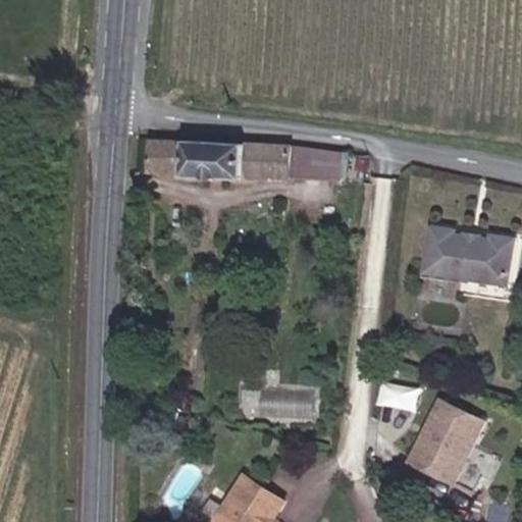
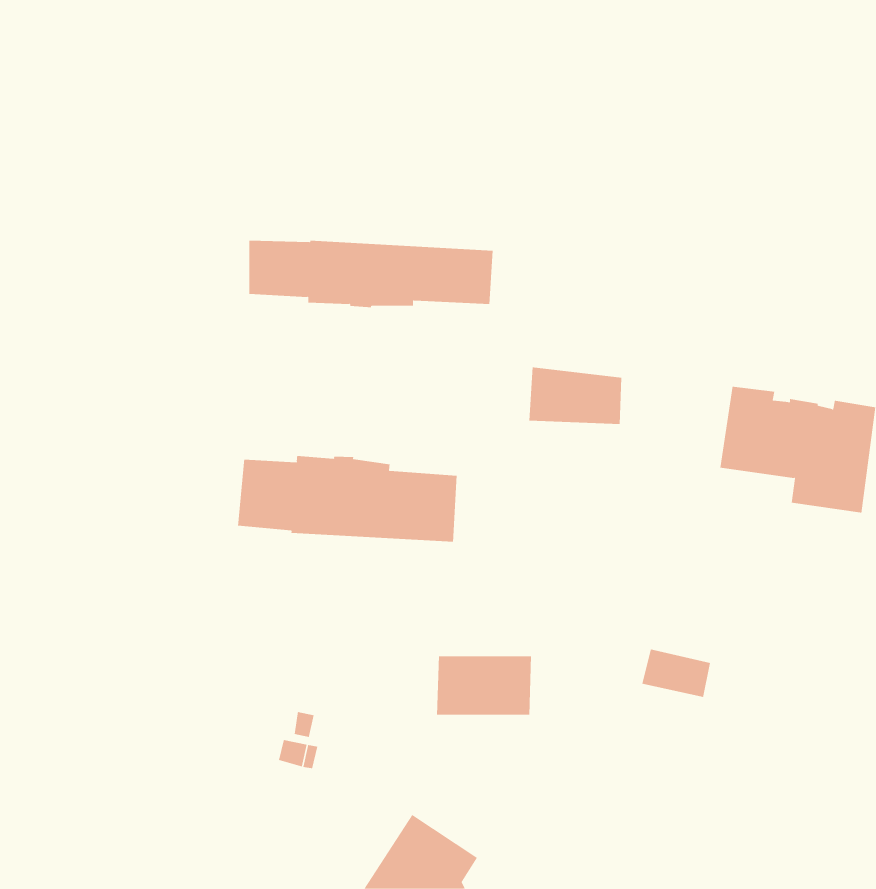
building: [288,147,343,180] -> [528,367,622,424]
building: none -> [237,455,457,543]
building: [408,401,487,492] -> none

